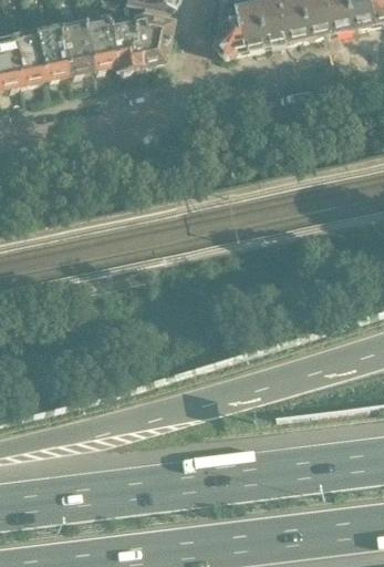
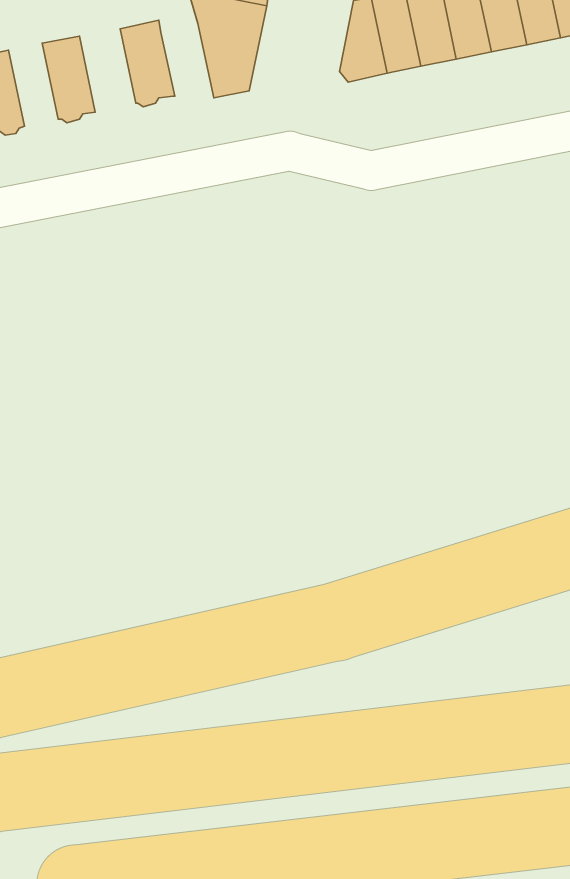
building: [108,18,142,71] -> none
building: [58,21,93,74] -> none
building: [13,30,44,82] -> none

